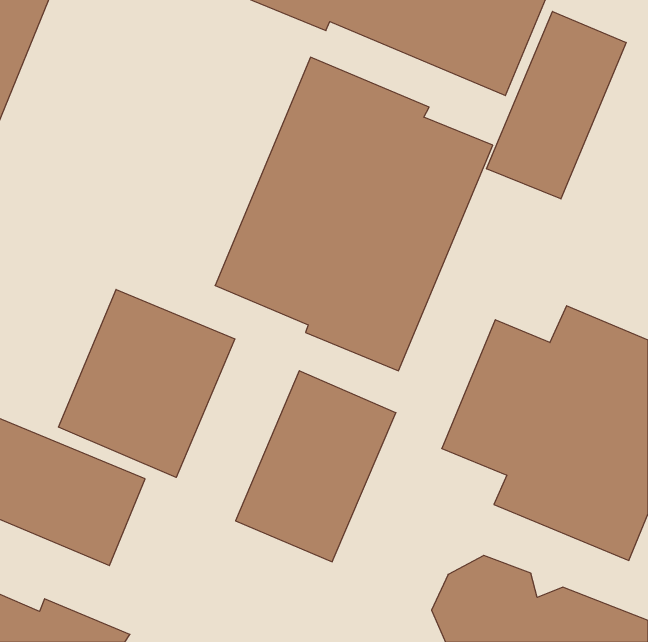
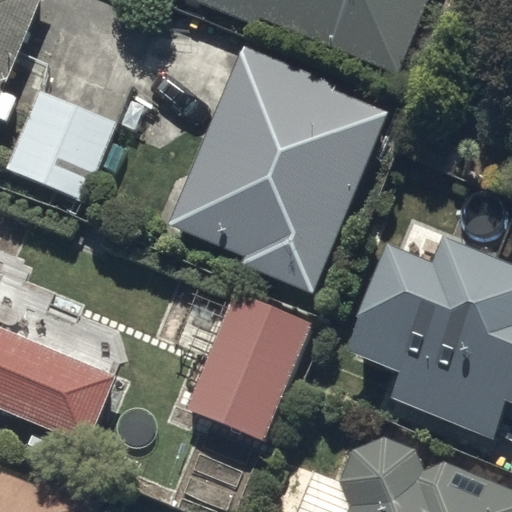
building: [487,11,626,199] -> none
building: none -> [4,86,116,199]
building: [58,289,235,477] -> none

